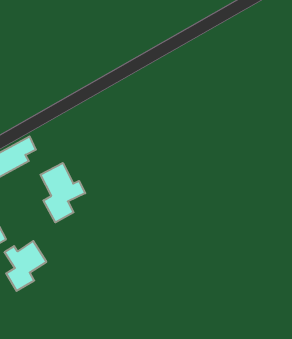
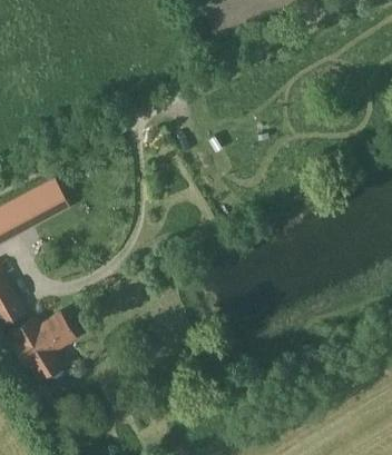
building: [40,163,85,222] -> none

